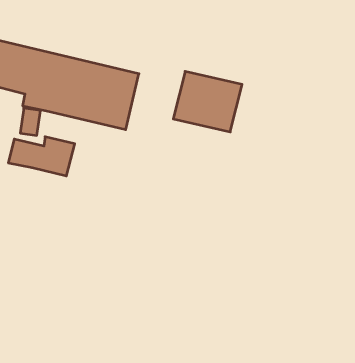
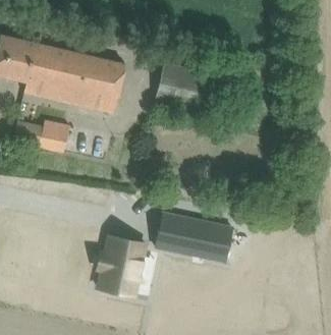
building: none -> [155,213,232,262]
building: none -> [98,236,146,295]

